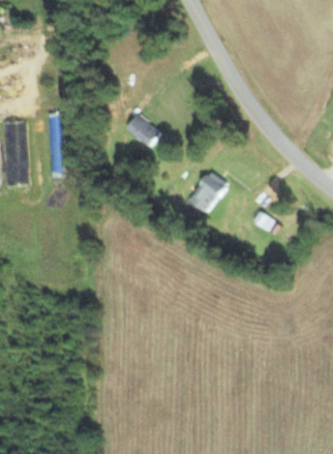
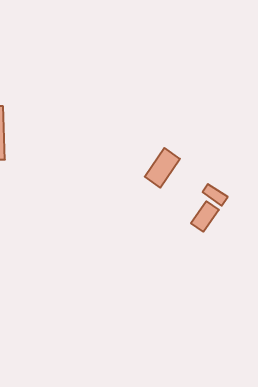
building: [126,114,161,148] -> none
building: none -> [191,201,219,232]

